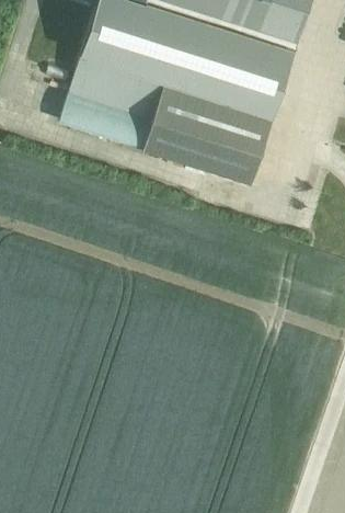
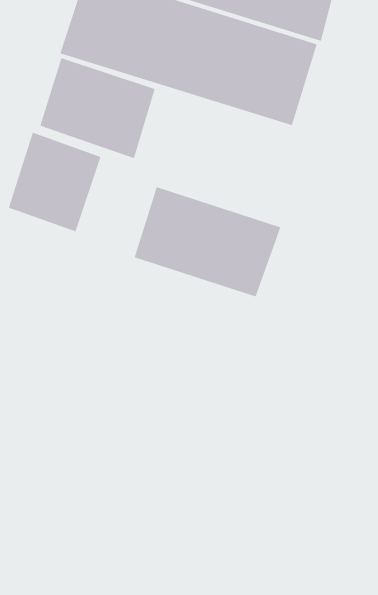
building: [143,88,266,180] -> [134,186,281,297]
building: none -> [8,132,101,232]

